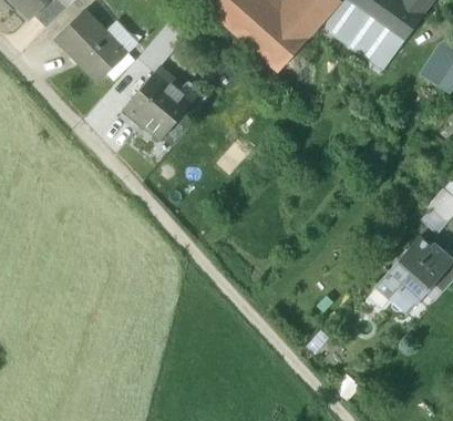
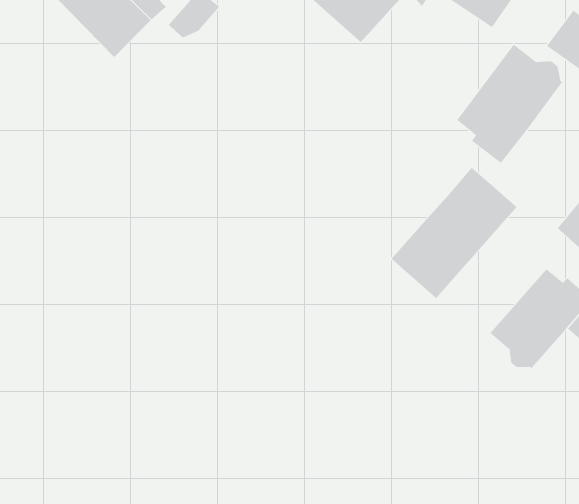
building: [124,70,193,137] -> none
building: none -> [457,44,563,165]
building: none -> [391,167,518,299]

